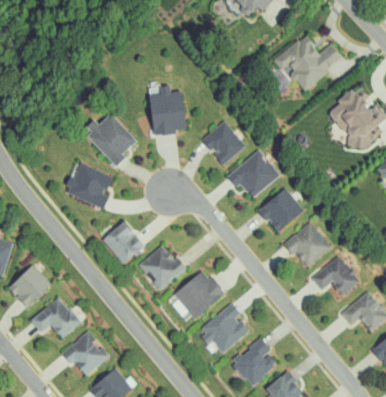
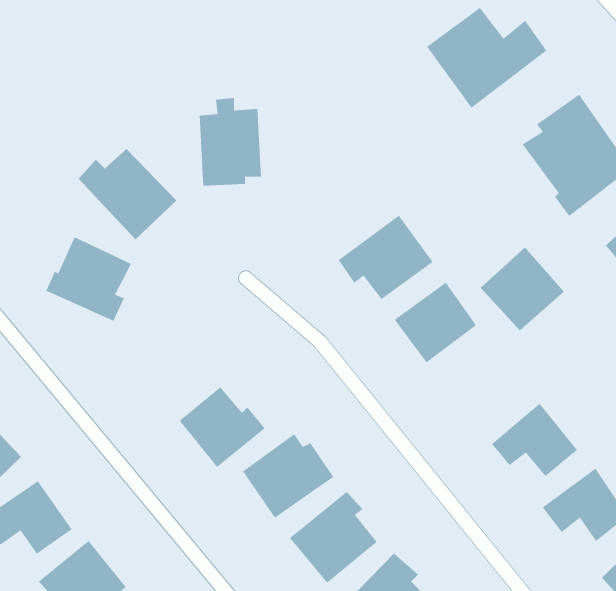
building: [202,120,246,166] -> none
building: [103,221,143,263] -> none
building: [284,221,331,268] -> [480,246,565,331]

